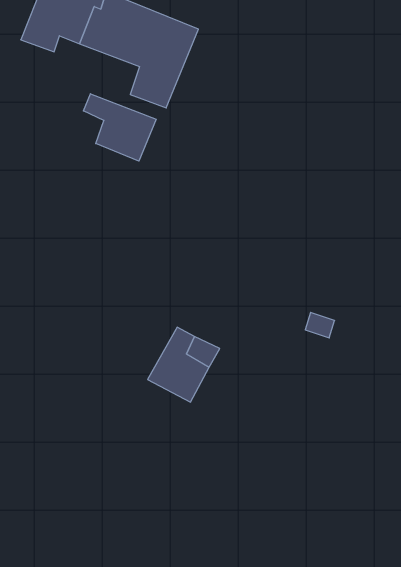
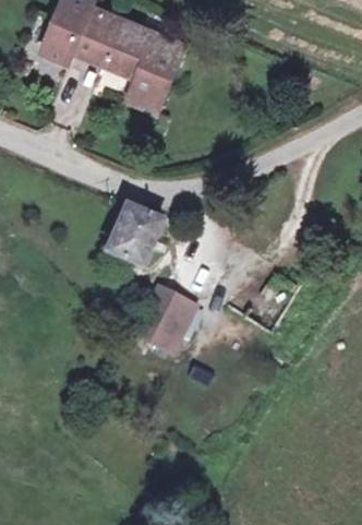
building: [83,94,156,161] -> none
building: none -> [110,206,166,269]

